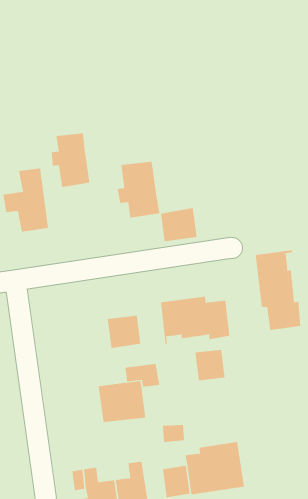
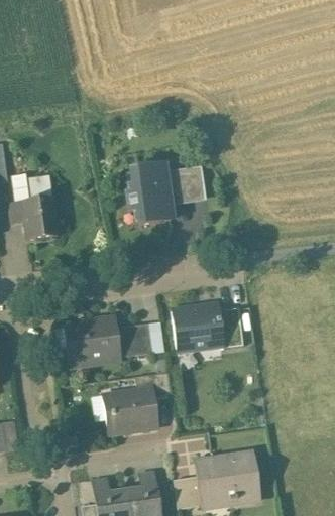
building: [51,132,90,188] -> none
building: [160,207,197,242] -> [164,165,203,201]
building: [255,250,301,331] -> none
building: none -> [68,317,121,361]
building: [195,349,225,381] -> none

